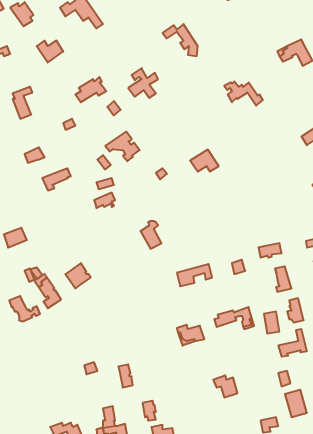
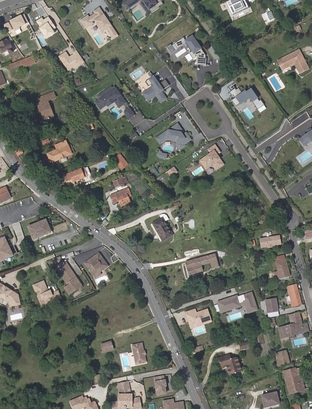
building: [105,132,140,161] -> [159,122,190,149]

